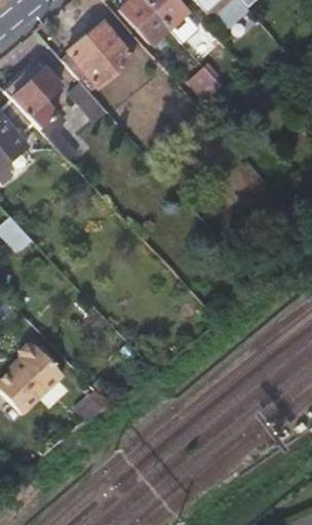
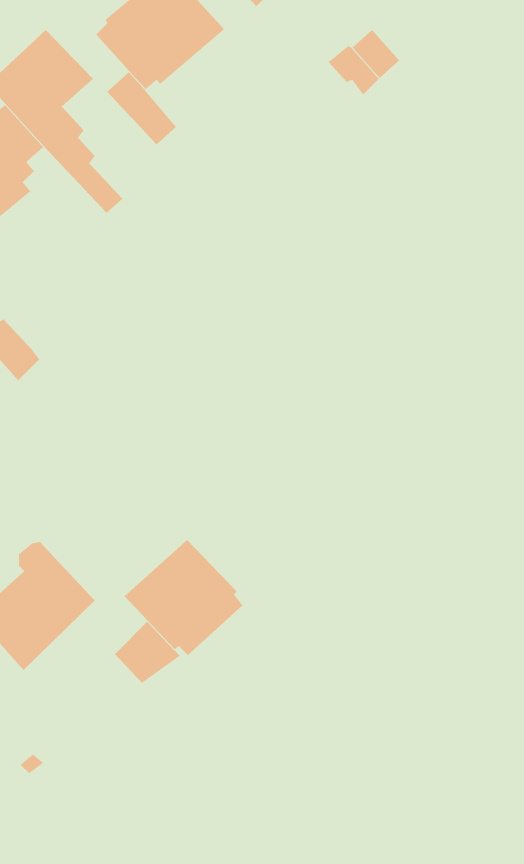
building: none -> [124,539,243,656]

